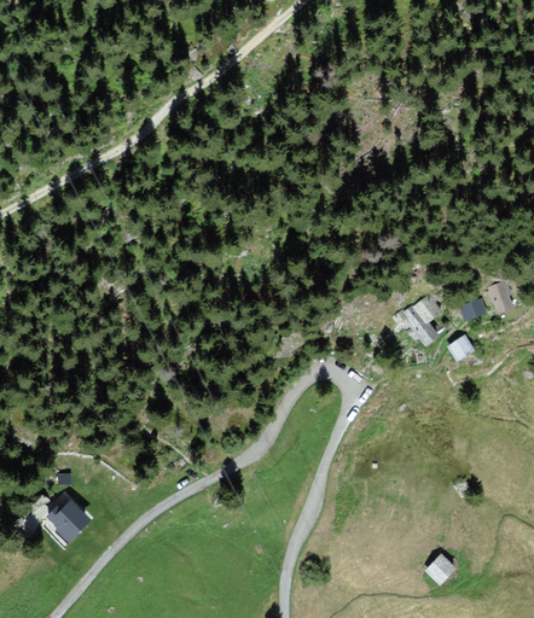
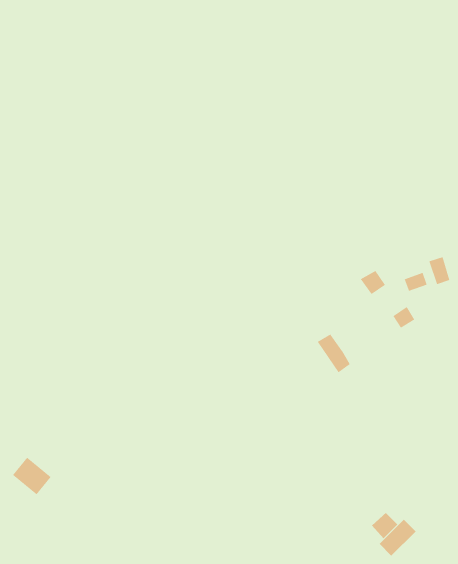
building: [399,305,435,348] -> [317,334,351,373]
building: none -> [379,519,416,557]

